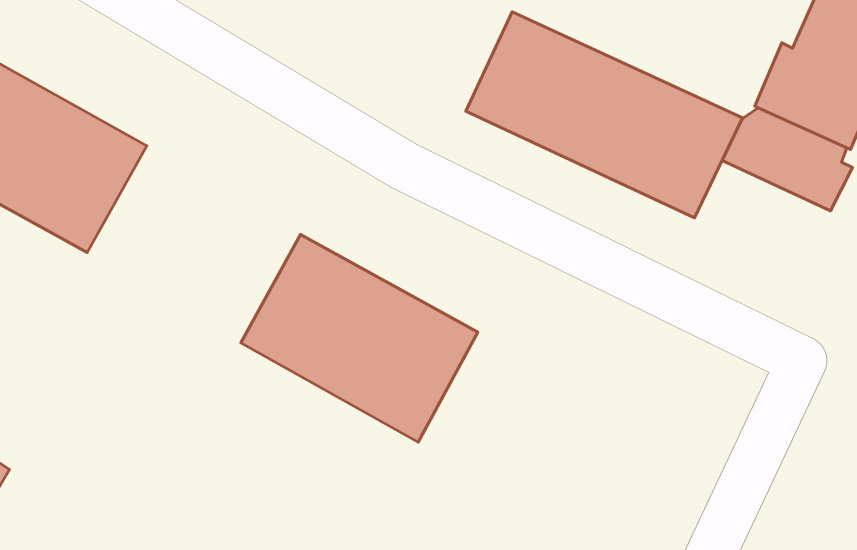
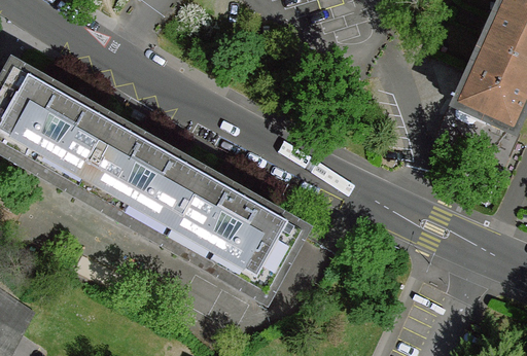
building: [466,12,743,218] -> none
building: none -> [75,115,197,227]

